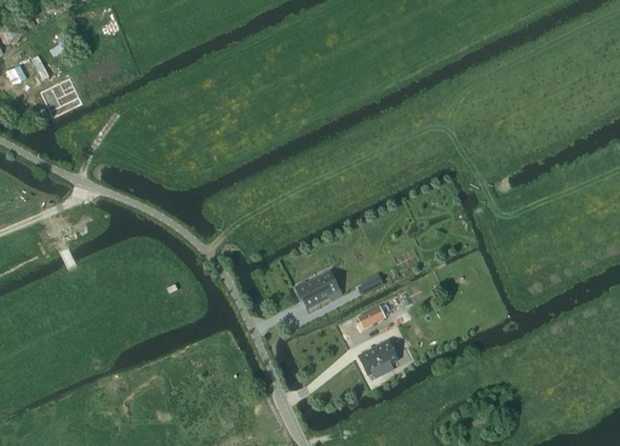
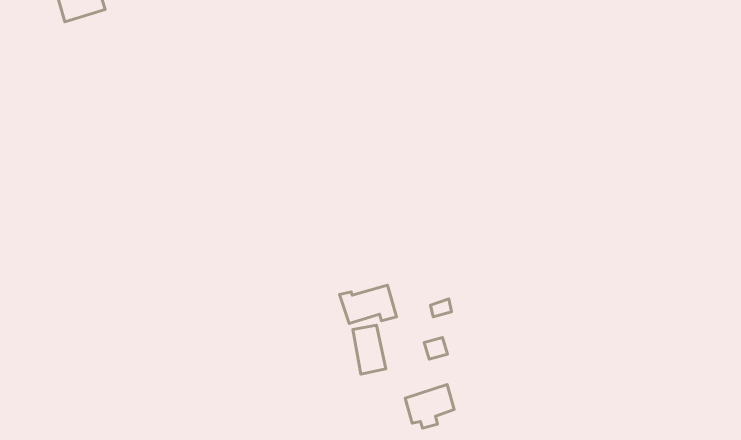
building: none -> [353,325,386,374]

